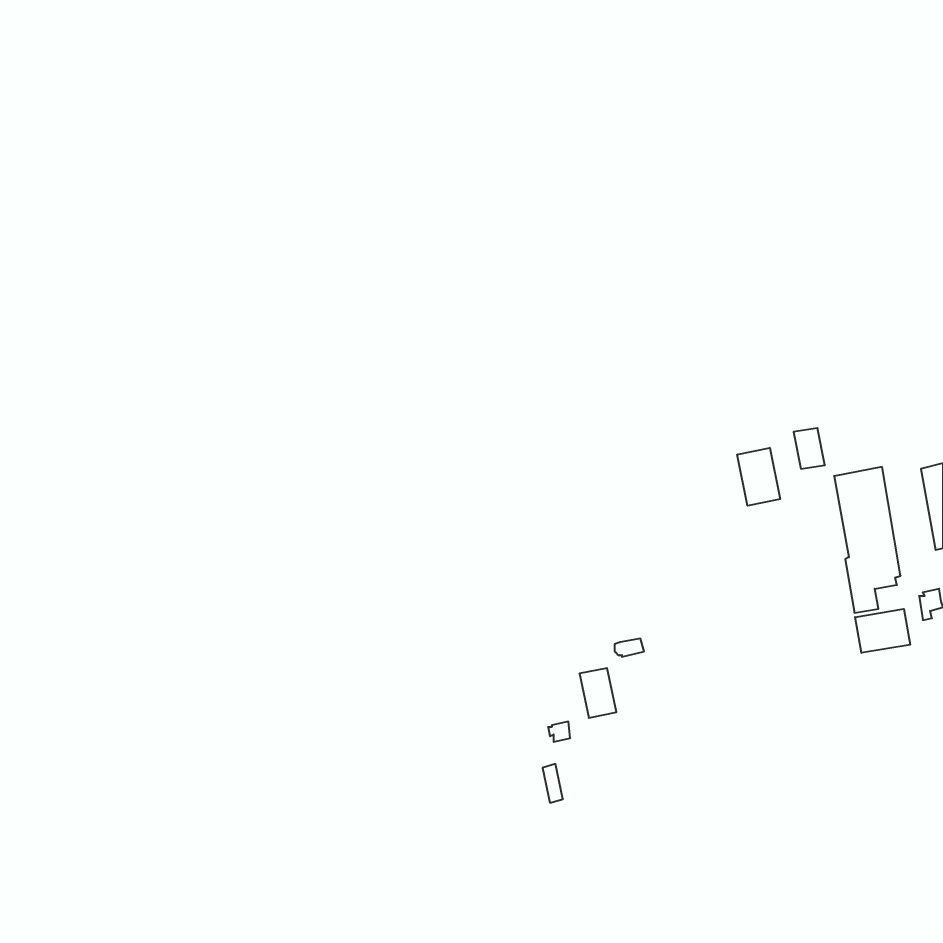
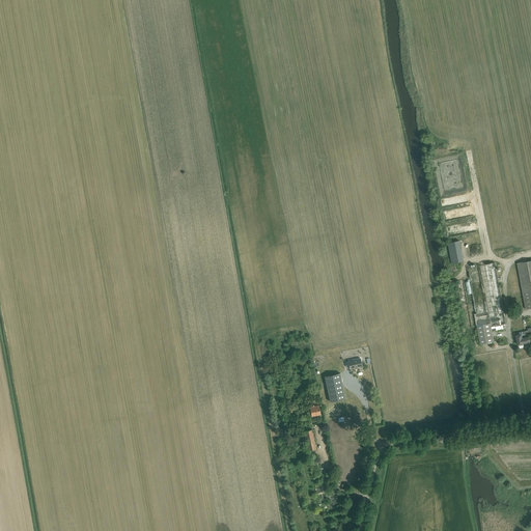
building: [737,448,780,506] -> none
building: [855,609,910,653] -> none

